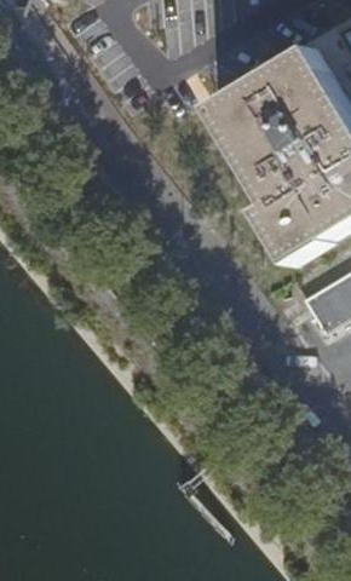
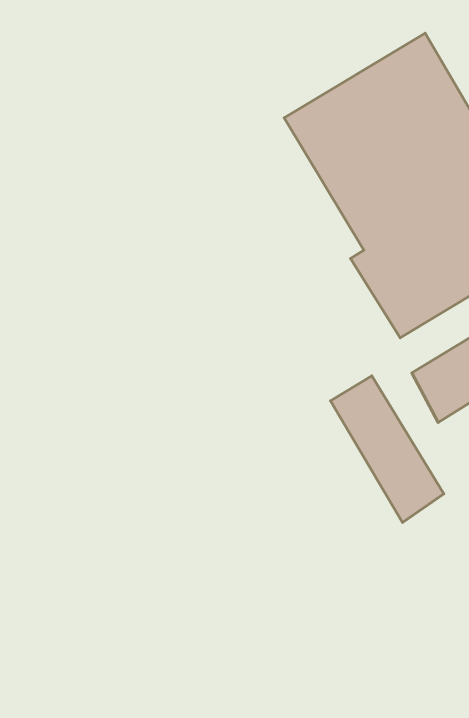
building: none -> [331,376,444,522]

